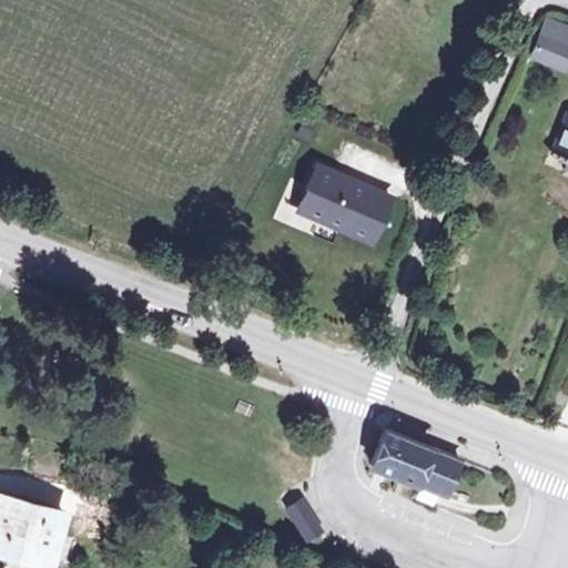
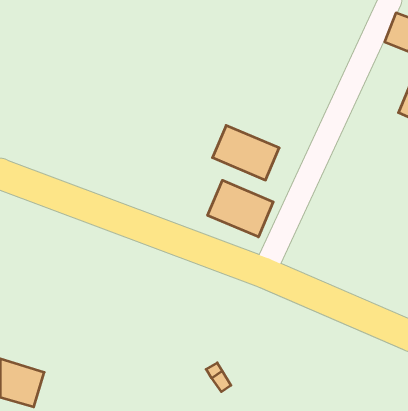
building: none -> [208,180,273,237]
building: [374,429,463,496] -> none

